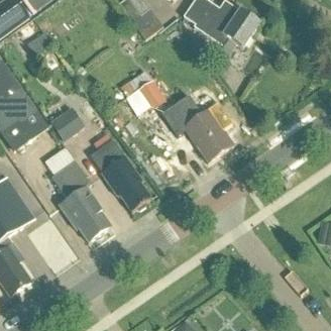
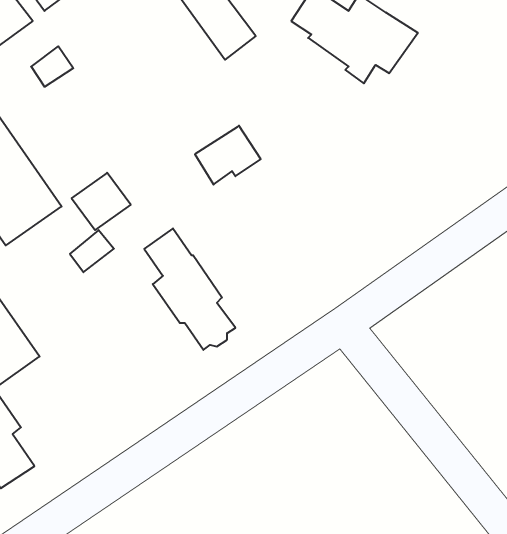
building: [161,95,233,162] -> none
building: [51,160,110,241] -> none

